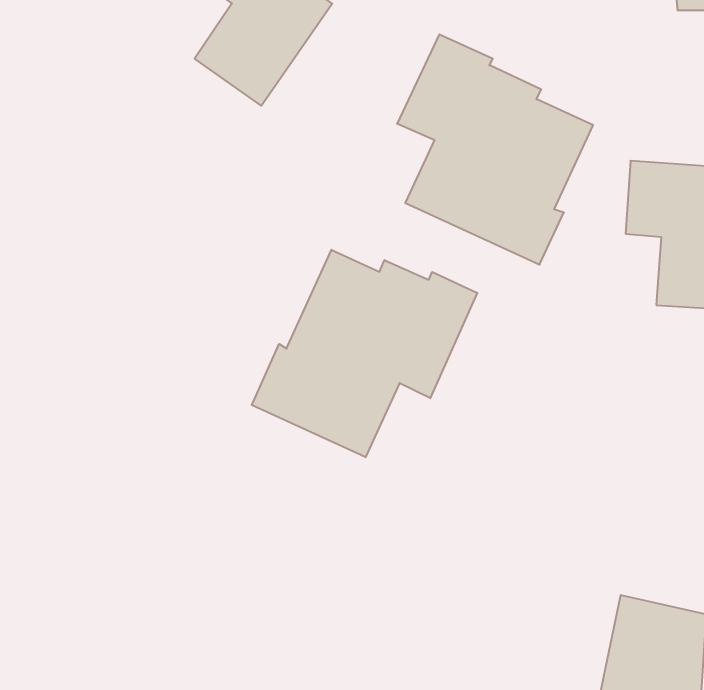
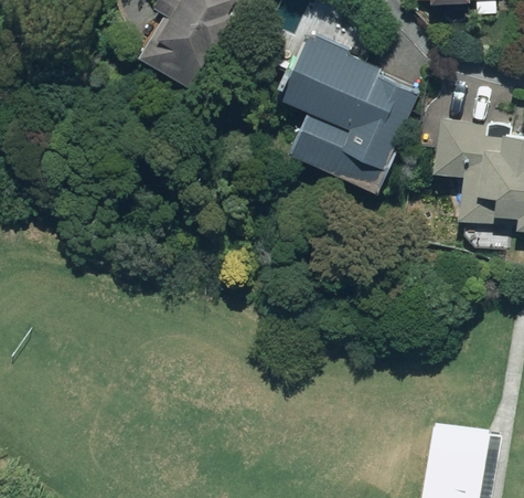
building: [252,250,477,457] -> none

